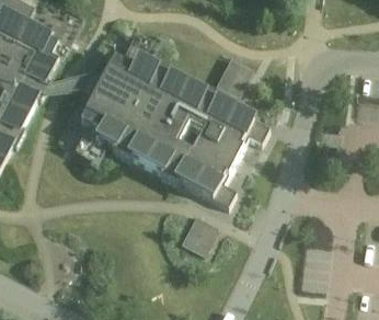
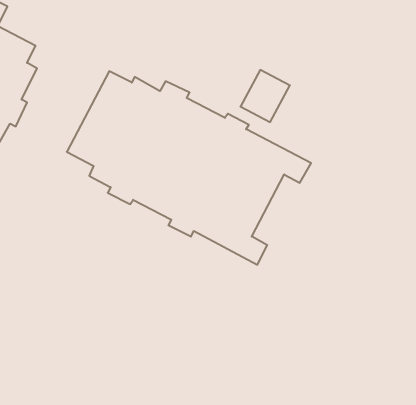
building: [181,215,218,255] -> none

